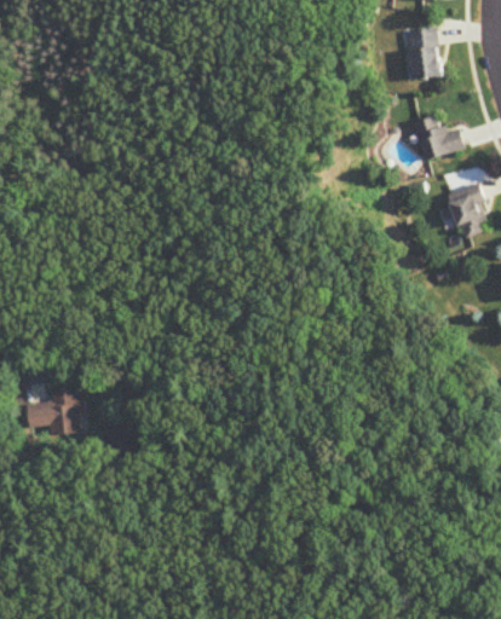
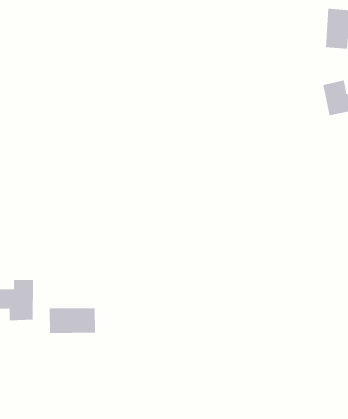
building: none -> [49,308,95,334]

